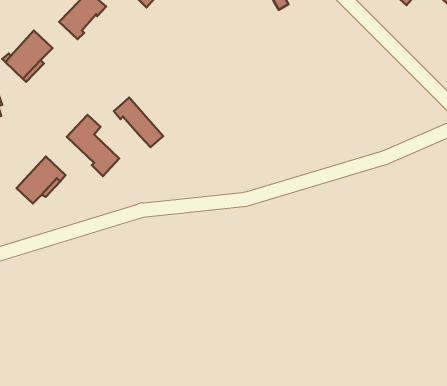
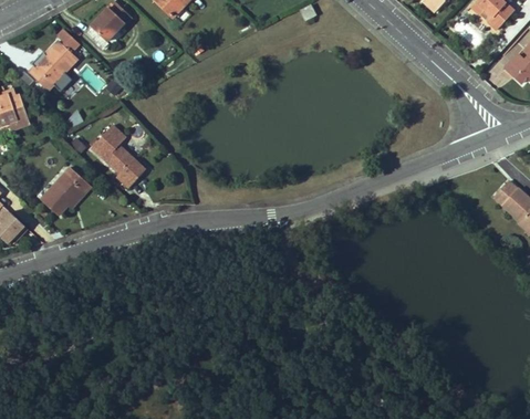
building: [114,98,163,147] -> none

